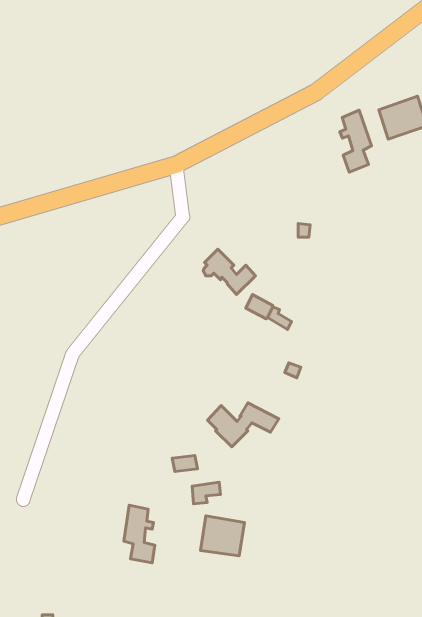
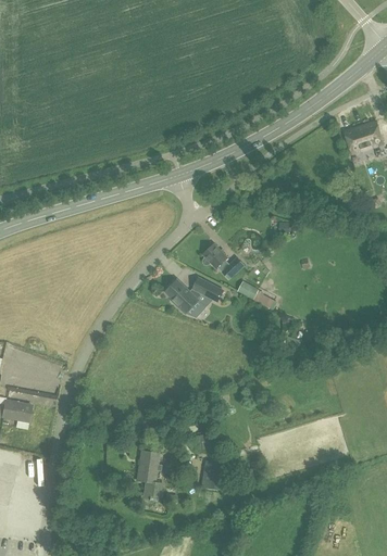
building: [340,110,371,172] -> none
building: [208,403,279,447] -> [165,277,223,313]

